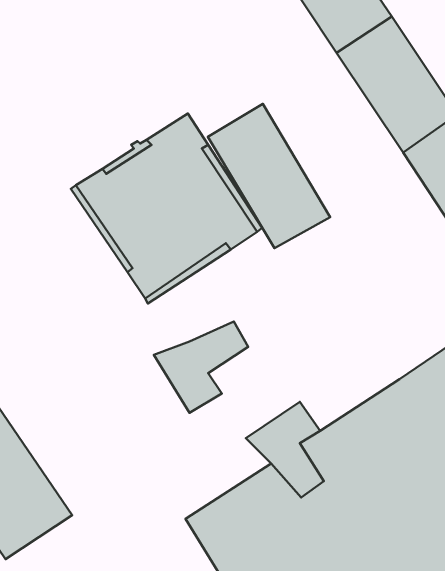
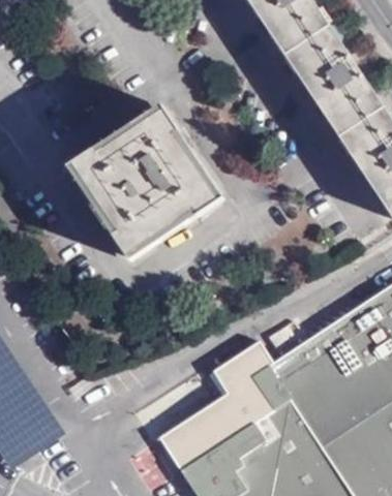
building: [208,104,330,248] -> none
building: [154,322,248,413] -> none

